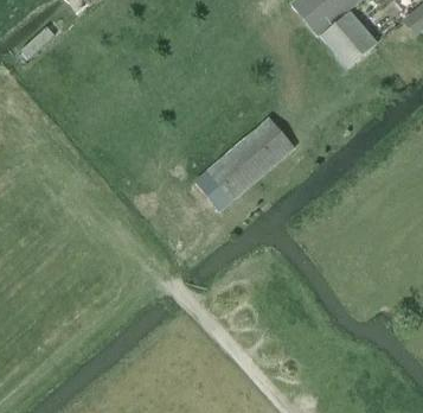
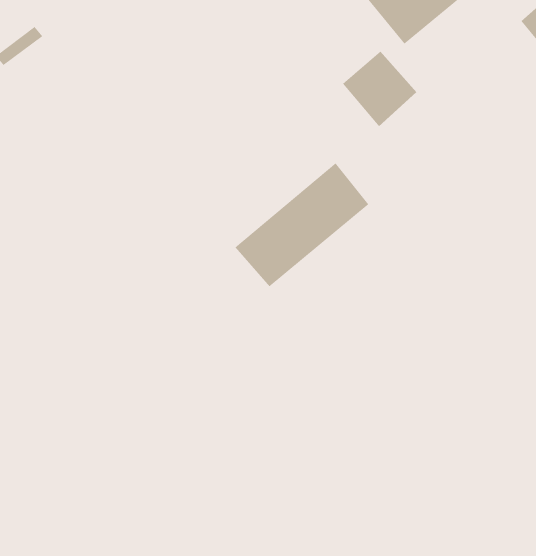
building: [322,12,376,66] -> [342,51,417,127]

